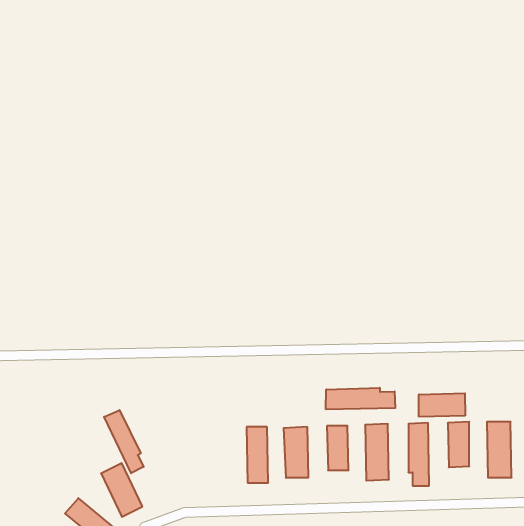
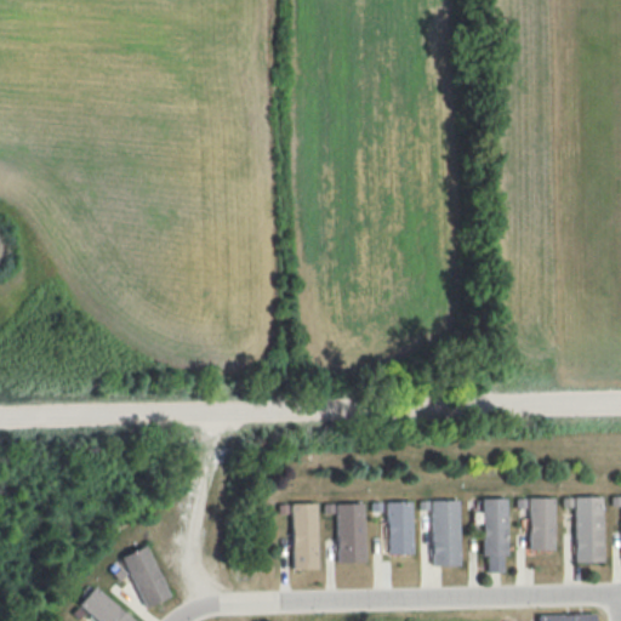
building: [326,388,395,409] -> none
building: [419,393,465,417] -> none
building: [104,410,144,473] -> none

